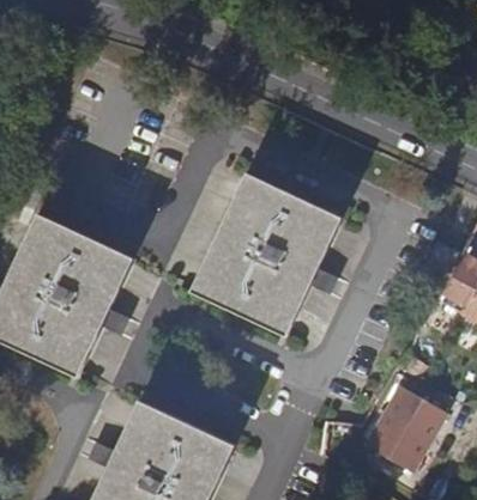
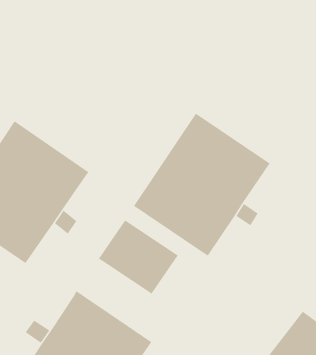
building: none -> [98,219,179,295]

